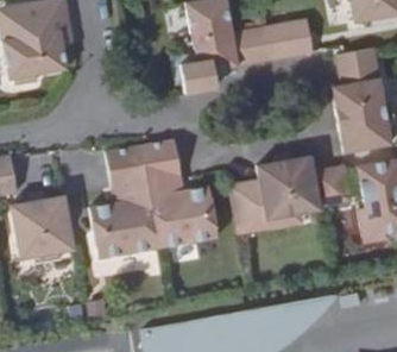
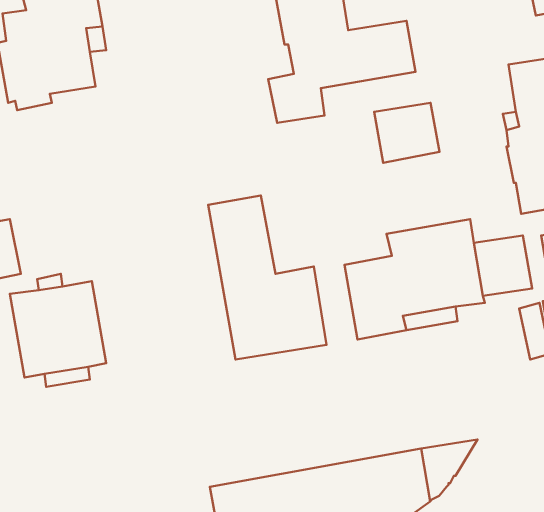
building: [270,20,313,59] -> [374,103,440,163]
building: [89,146,158,258] -> none

